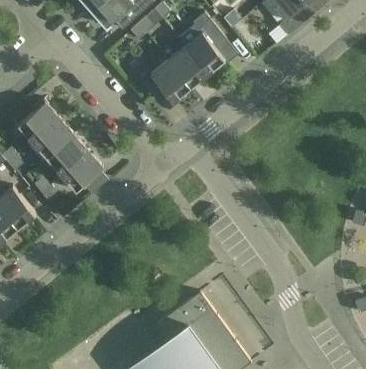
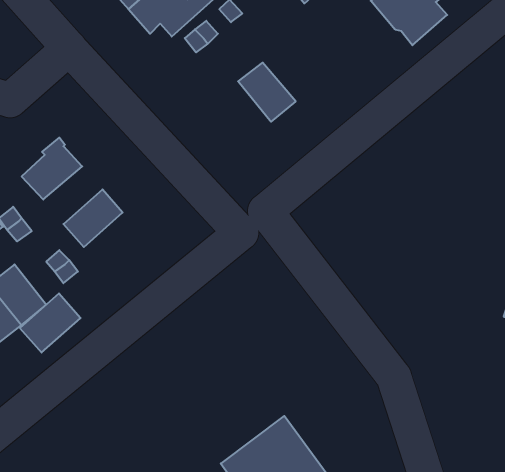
building: [178,13,225,74] -> none
building: [139,60,190,102] -> none
building: [32,119,73,159] -> none
building: [60,151,102,192] -> [20,293,81,353]

